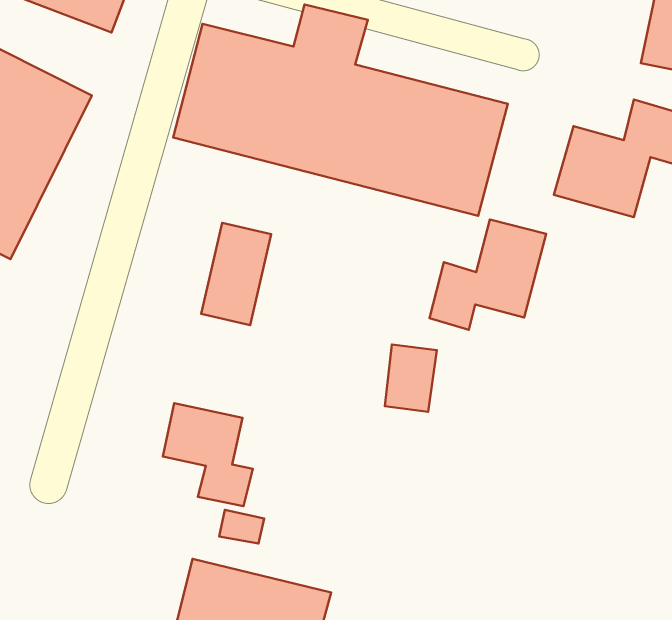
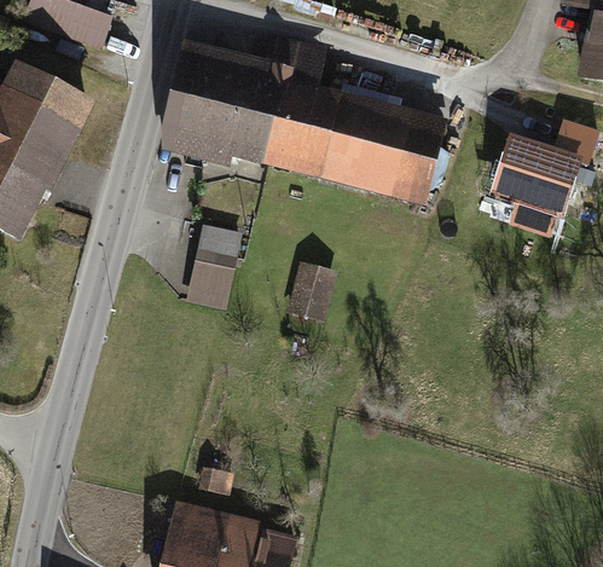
building: [430,220,546,330] -> none
building: [385,345,437,412] -> [295,261,340,319]
building: [163,403,253,506] -> none

